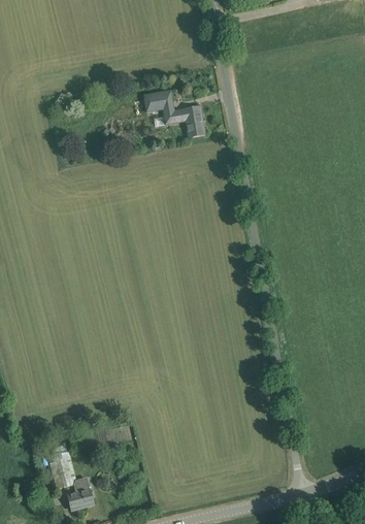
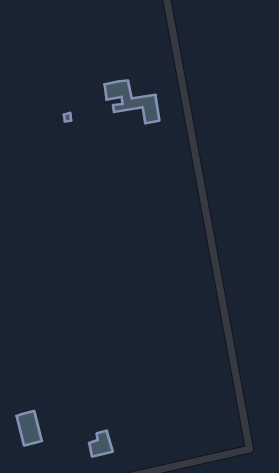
building: [67,481,93,509] -> [89,431,113,456]

